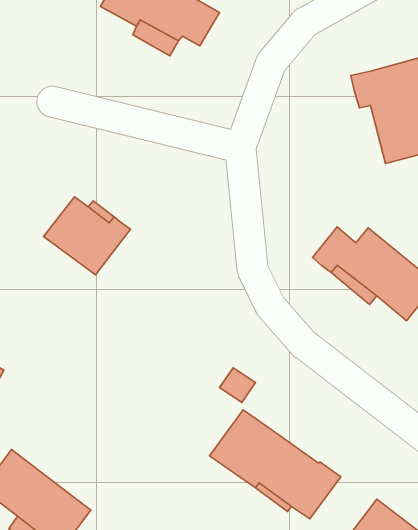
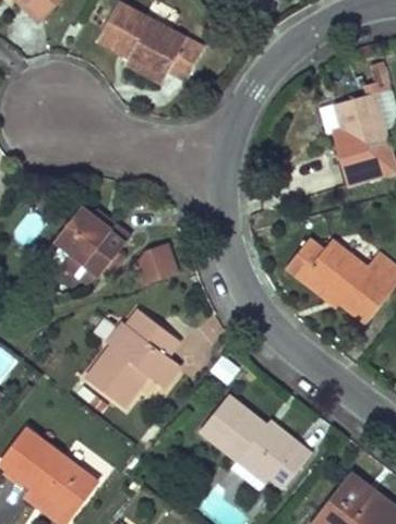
building: none -> [134,244,173,283]
building: none -> [84,307,178,404]

